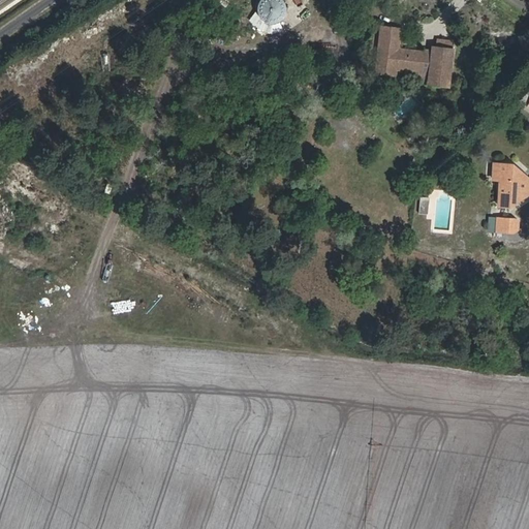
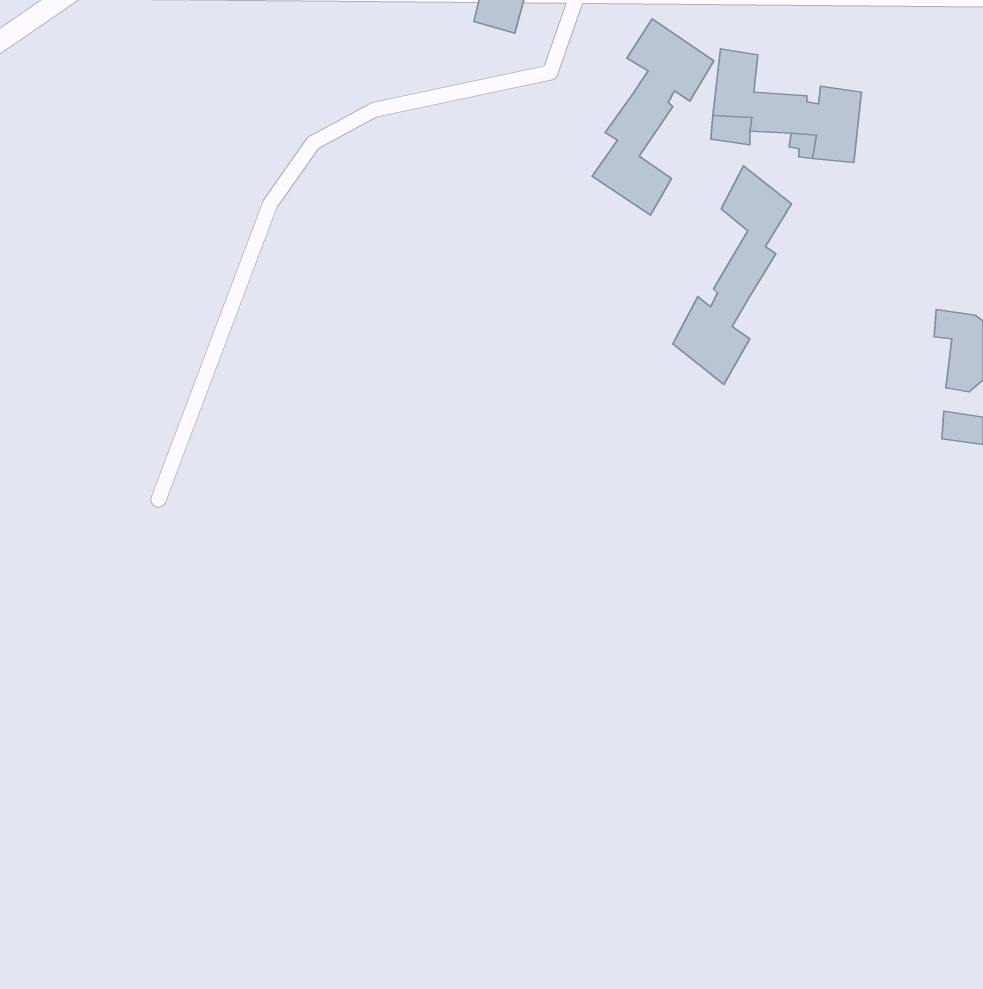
building: none -> [592,19,714,215]
building: none -> [673,166,792,385]

